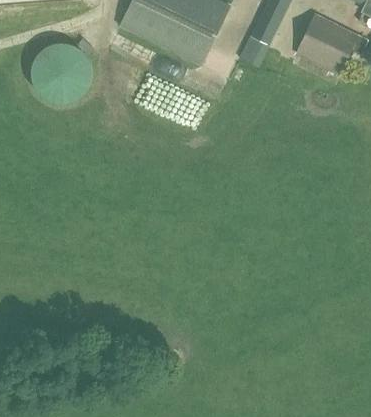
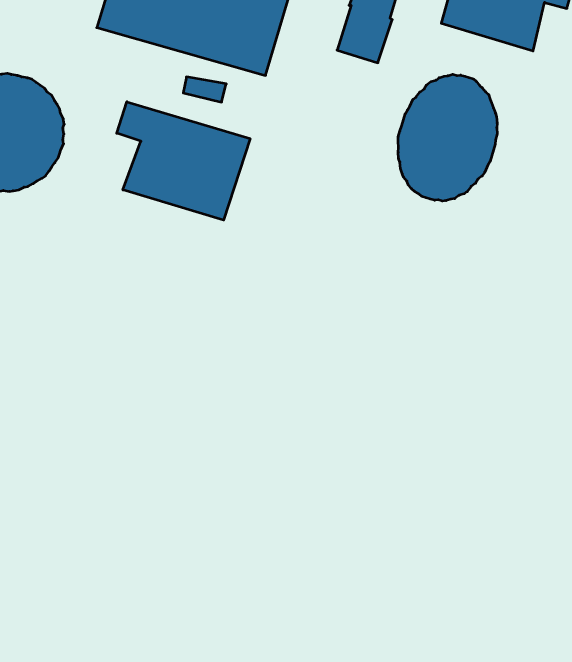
building: none -> [117,102,250,220]
building: none -> [398,74,497,201]

